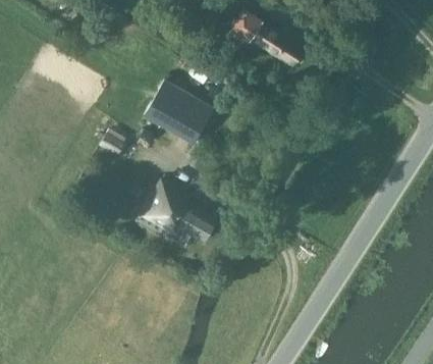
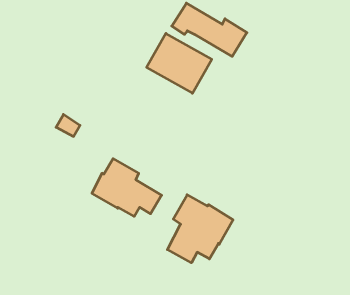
building: [142,77,214,144] -> [147,33,212,93]
building: none -> [167,195,233,263]

